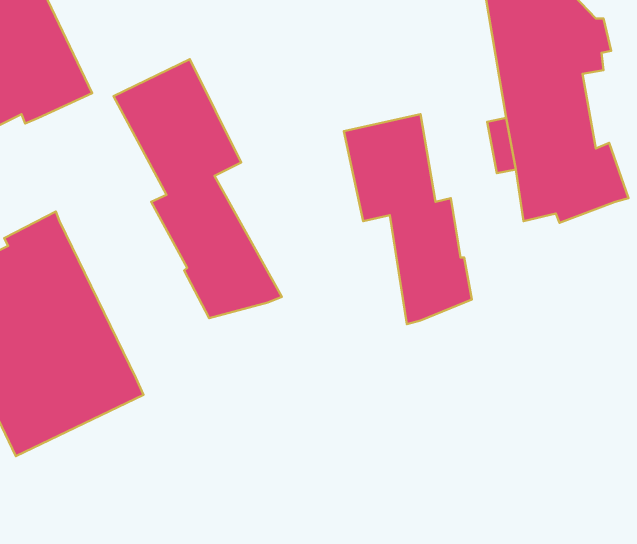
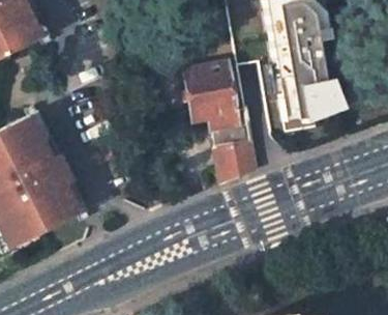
building: [114,59,282,318] -> none

